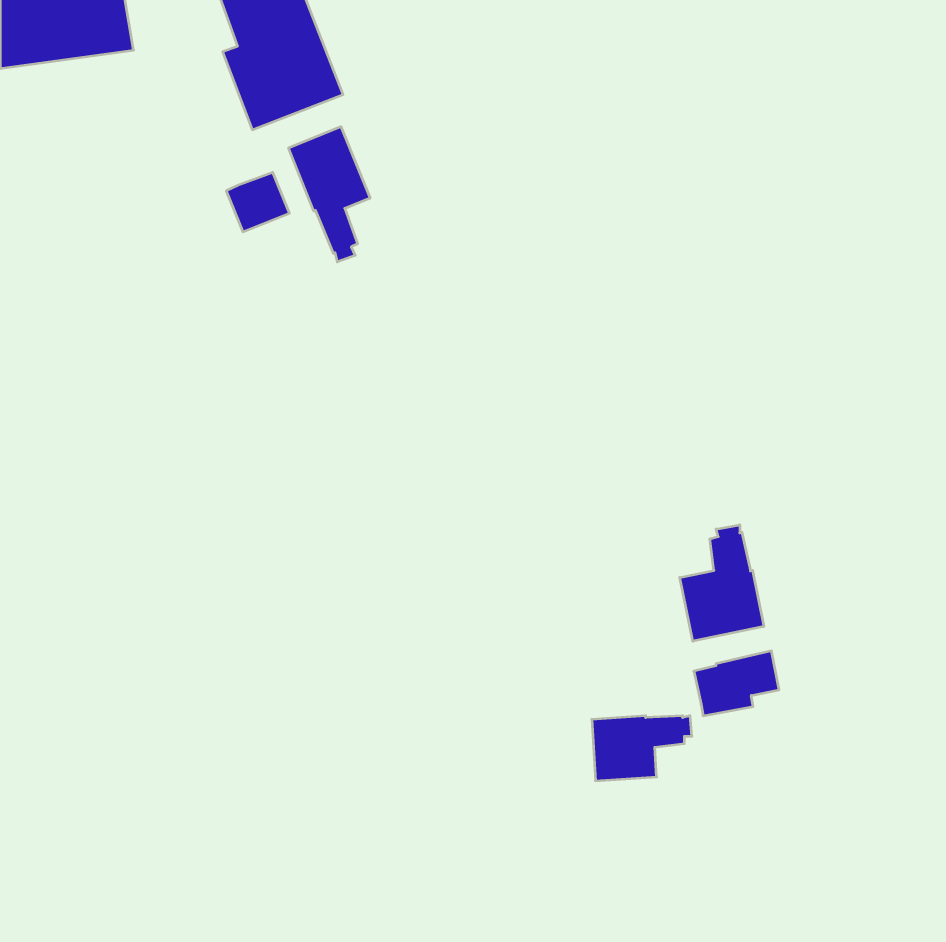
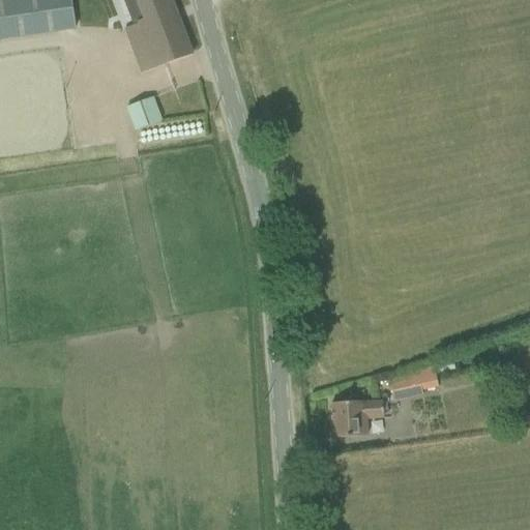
building: [289,127,370,262] -> none
building: [680,525,764,641] -> none

